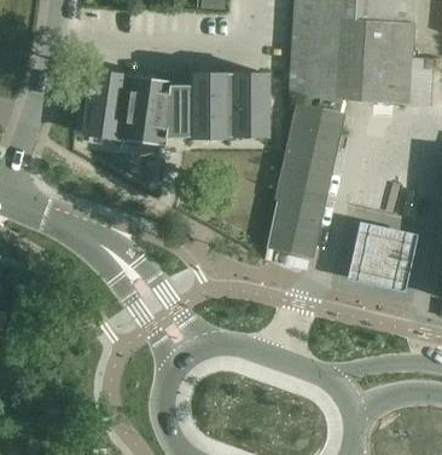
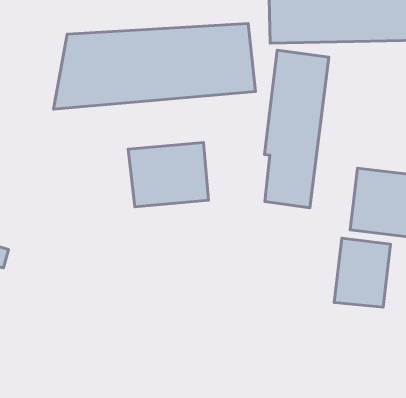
building: none -> [128,142,208,207]
building: none -> [334,238,390,307]

